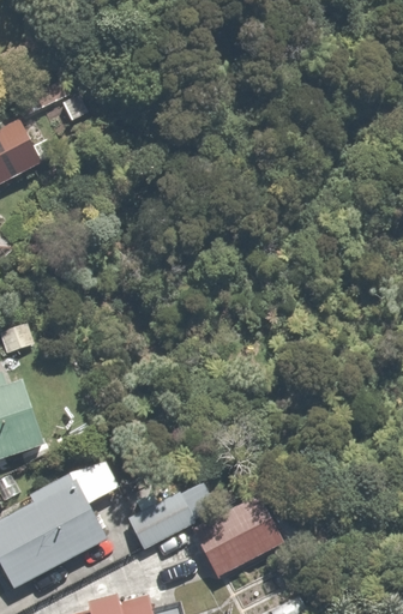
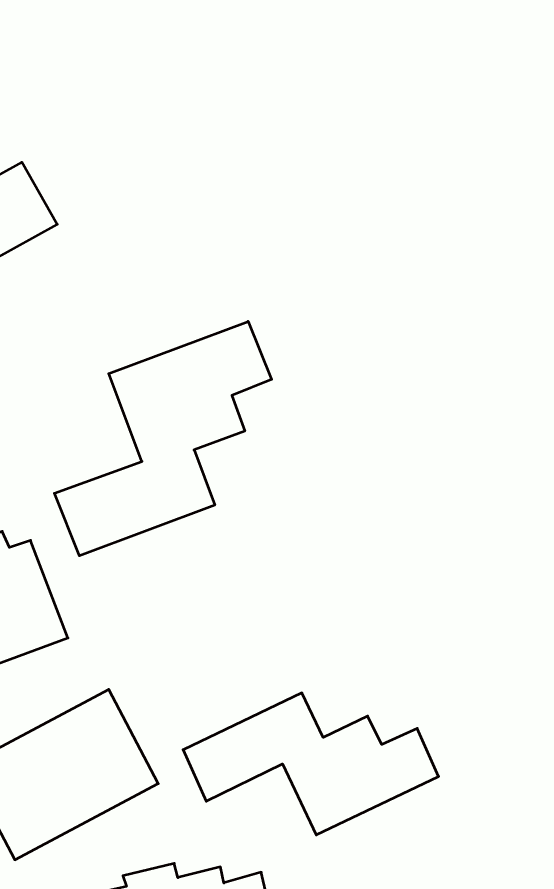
building: none -> [54,321,272,556]

